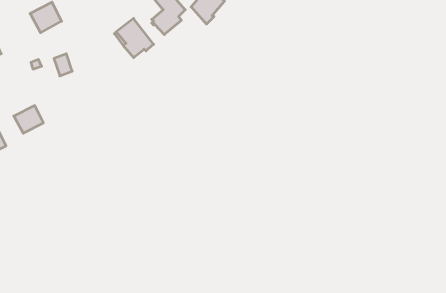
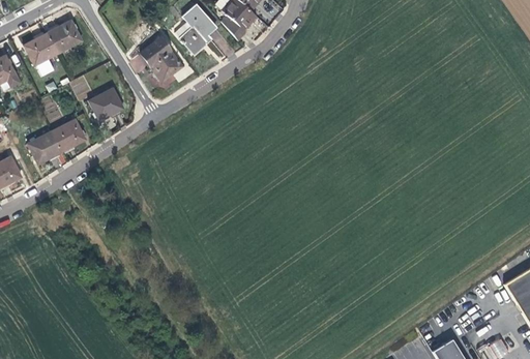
building: none -> [24,31,58,74]
building: none -> [89,86,122,117]
building: none -> [52,118,84,149]

